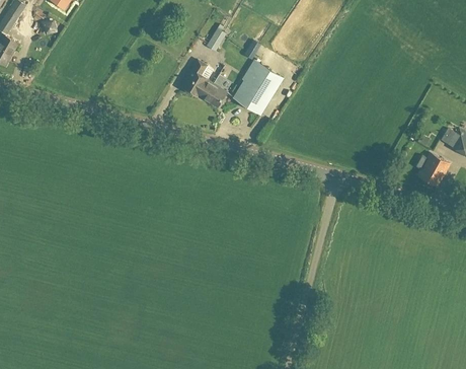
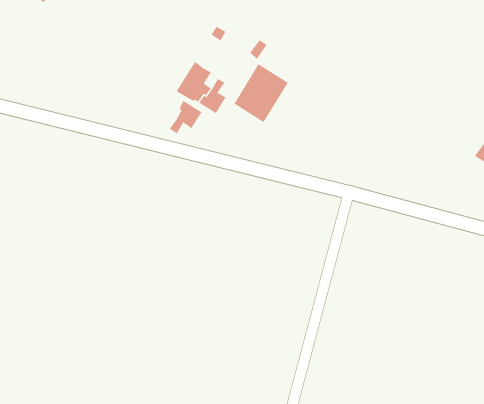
building: none -> [169,100,203,134]
building: [414,152,449,186] -> none

